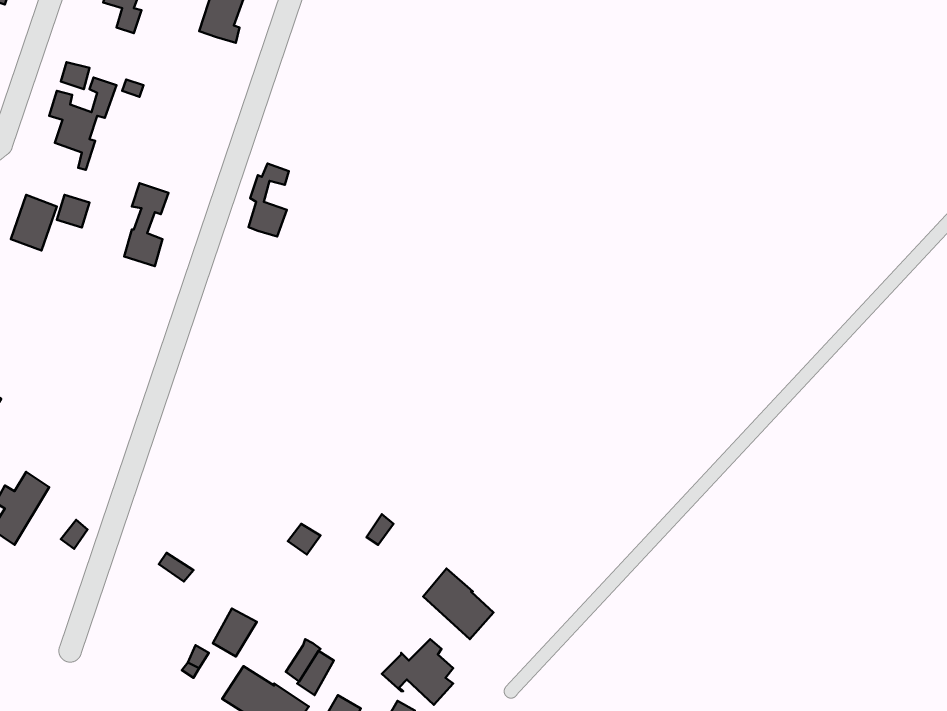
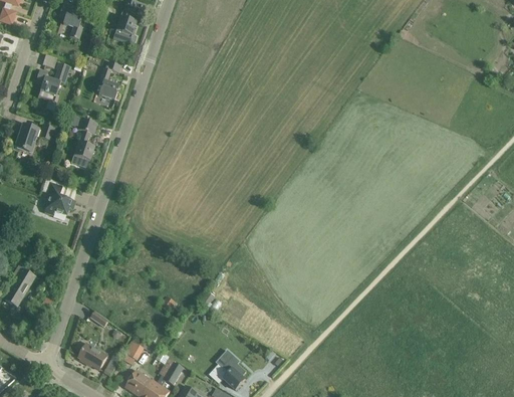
building: [248,164,289,237] -> [98,61,119,100]
building: none -> [43,182,74,215]
building: [423,569,494,639] -> none
building: none -> [78,343,106,370]

